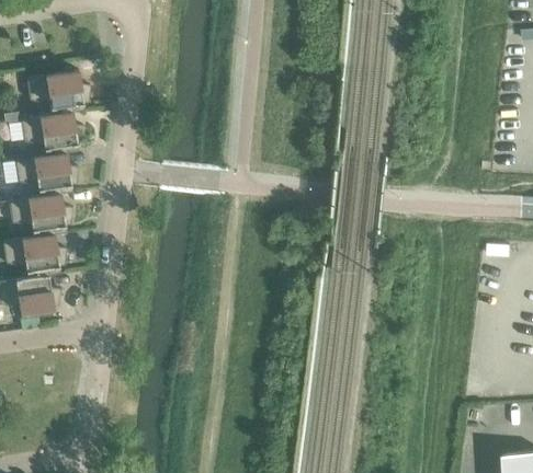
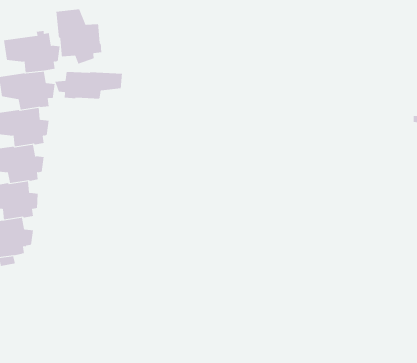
building: none -> [56,9,102,65]
building: none -> [55,71,122,100]

